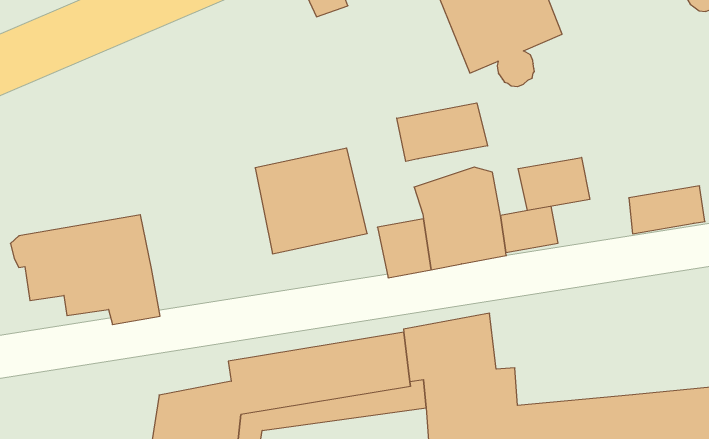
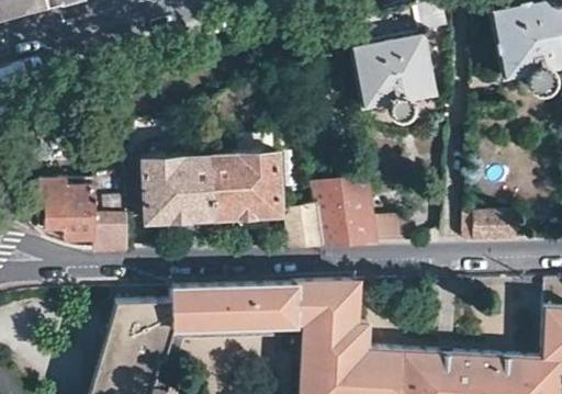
building: [397,103,488,161] -> none
building: [518,157,590,210] -> none
building: none -> [124,154,212,219]

